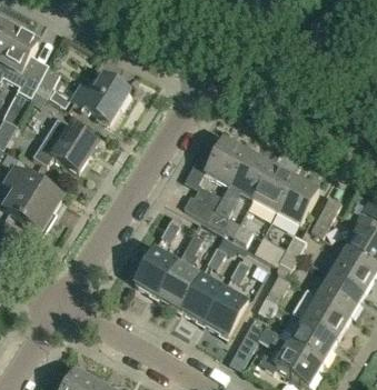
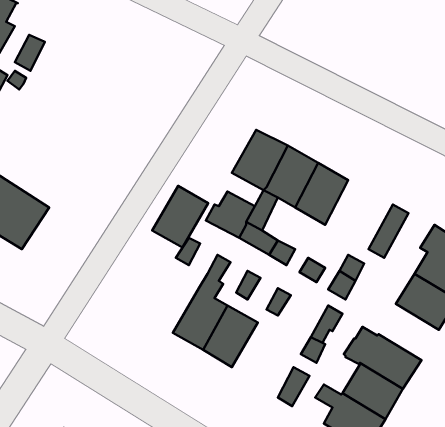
building: [73,76,130,121] -> none
building: [33,117,98,170] -> none
building: [277,176,319,222] -> none
building: [136,246,179,293] -> [152,186,208,248]
building: [318,271,365,314] -> none
building: [205,286,248,333] -> none

